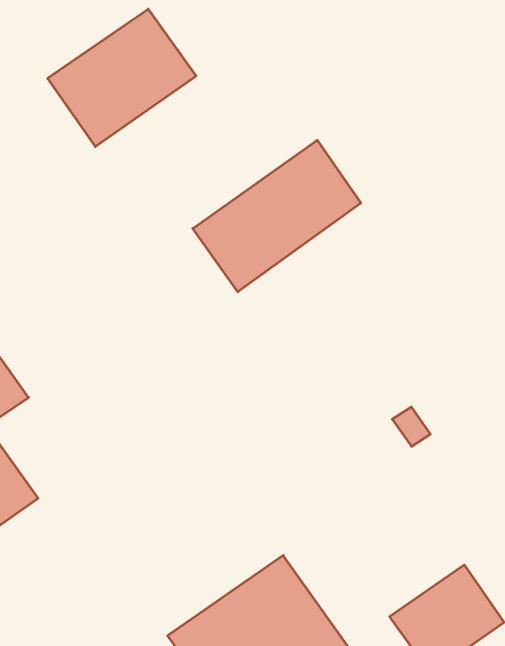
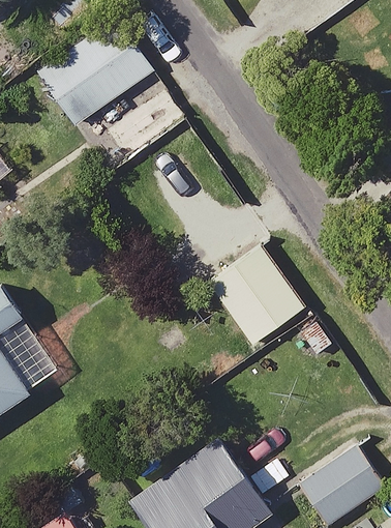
building: [193,140,361,292] -> none
building: none -> [208,245,307,347]

